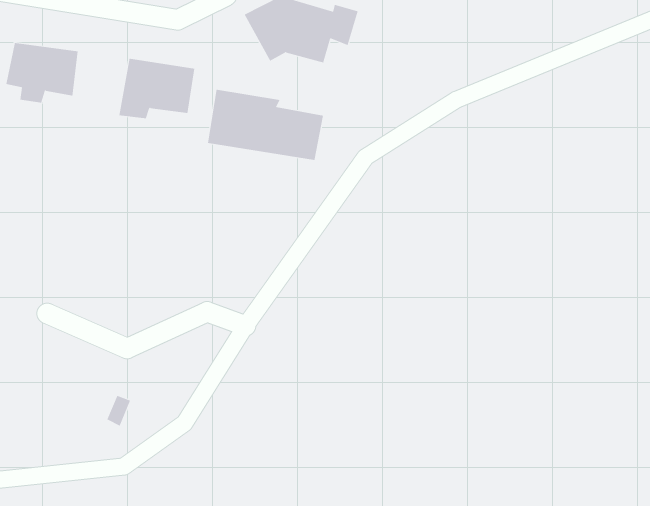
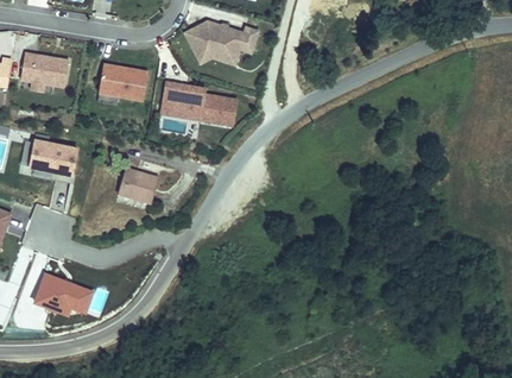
building: none -> [24,139,76,178]
building: none -> [116,169,158,207]
building: none -> [32,273,91,319]

